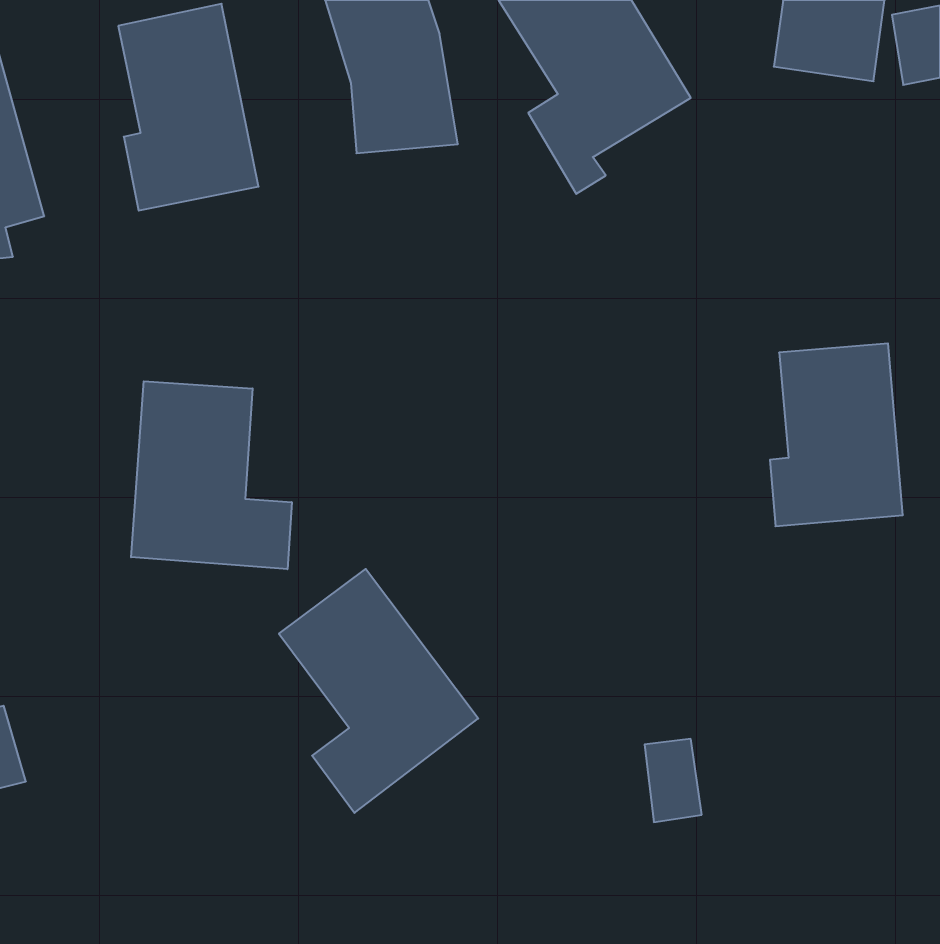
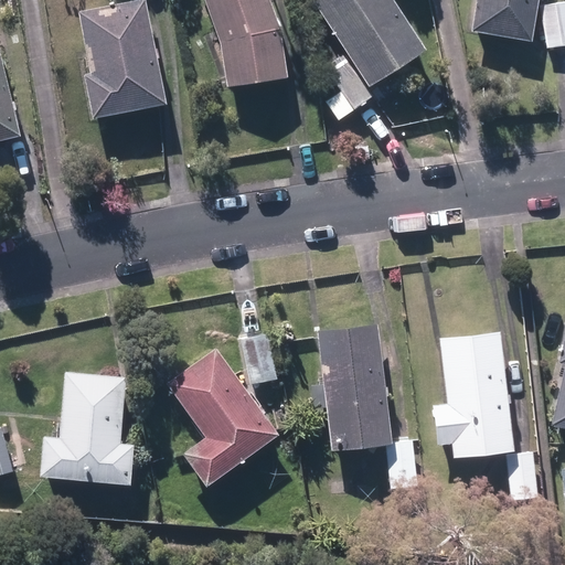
building: [770,343,903,526] -> [434,330,513,439]
building: [131,381,292,569] -> none
building: none -> [321,318,392,445]
building: none -> [43,367,138,477]

